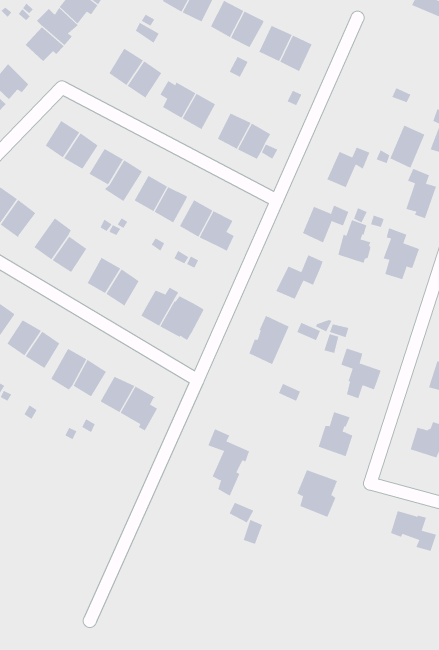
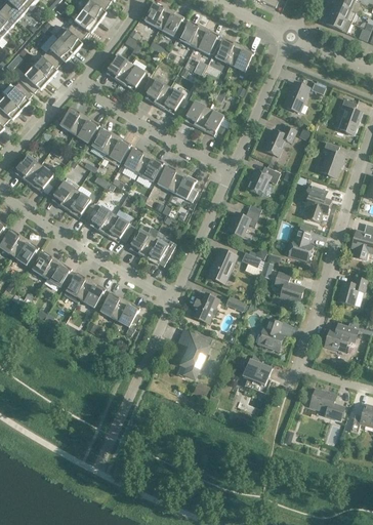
building: none -> [33,52,58,81]
building: [390,125,425,169] -> [283,81,308,113]
building: [337,219,371,263] -> [288,230,313,261]
building: none -> [190,293,218,323]

